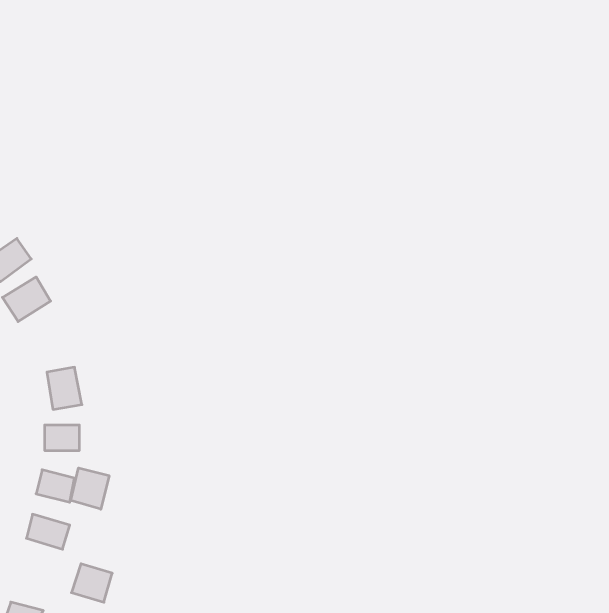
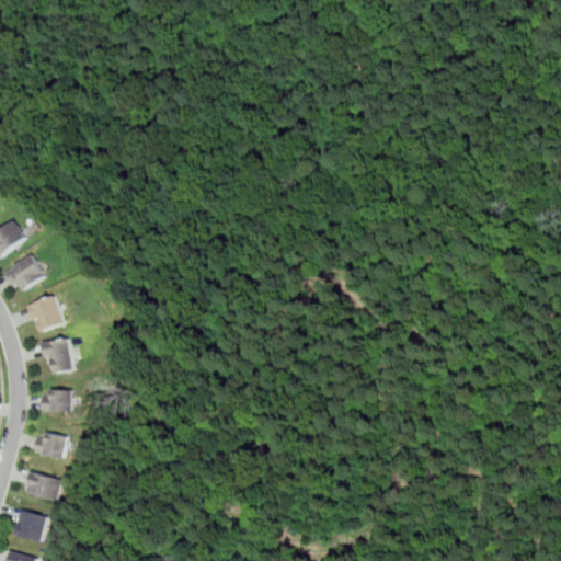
building: none -> [25,295,65,334]
building: [71,468,109,509] -> none
building: [71,564,112,602] -> [12,508,49,543]

